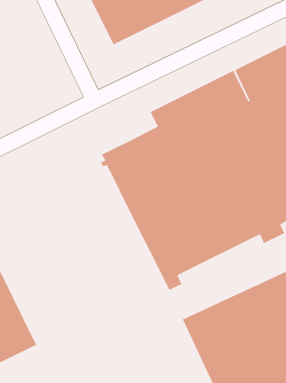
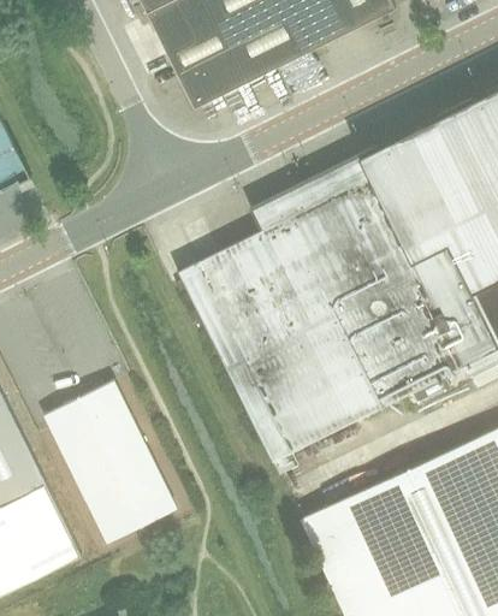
building: none -> [46,380,178,544]

